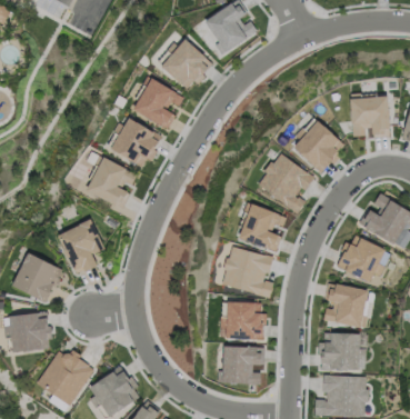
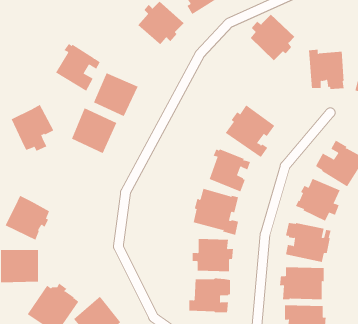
building: [132,77,182,130] -> [55,43,101,91]
building: [293,120,343,172] -> [250,14,295,61]
building: [59,221,107,273] -> [11,104,54,152]

